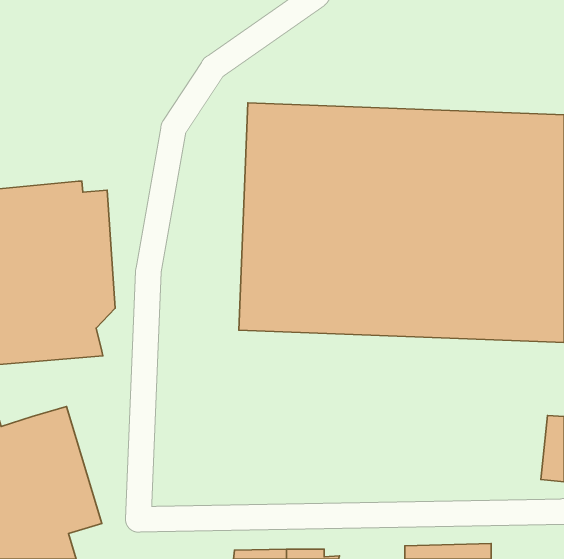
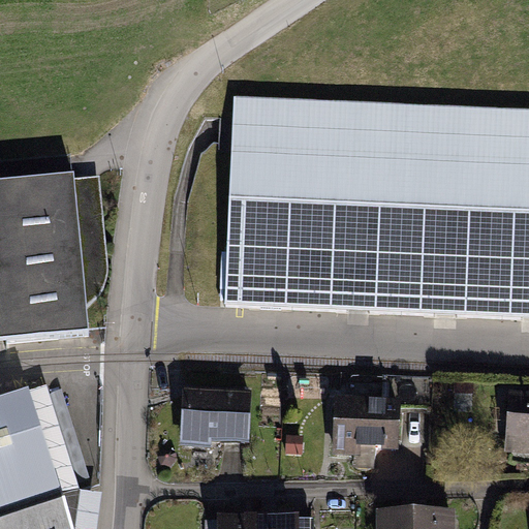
building: none -> [184,390,251,444]
building: none -> [328,396,404,452]

